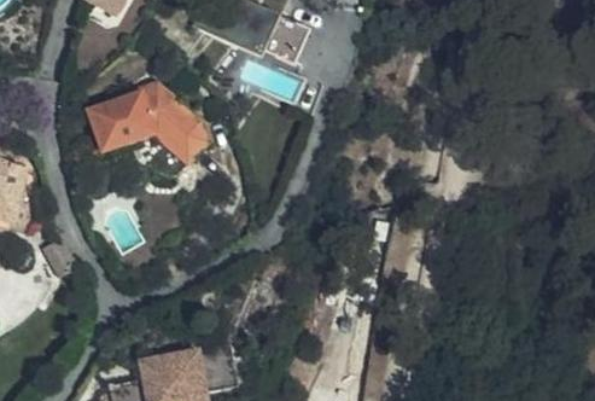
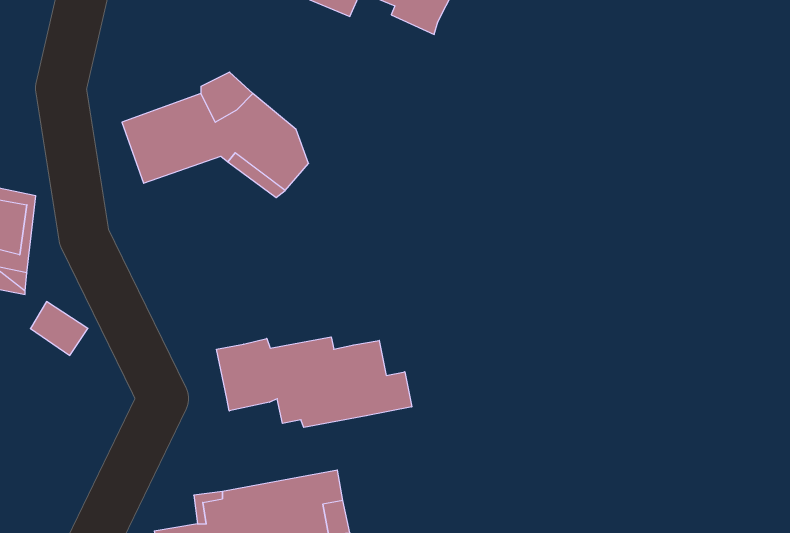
building: none -> [217,337,412,427]

